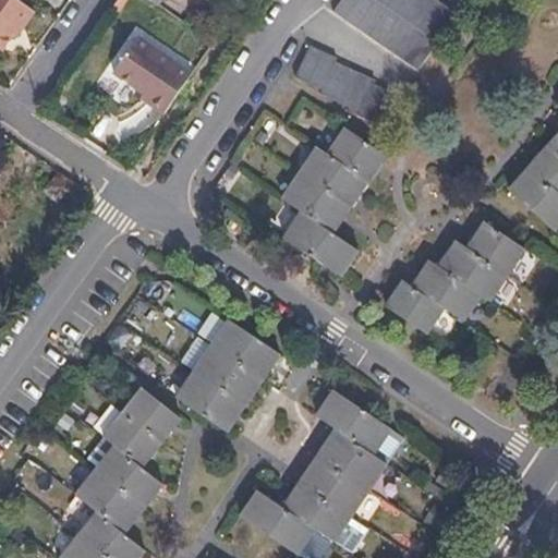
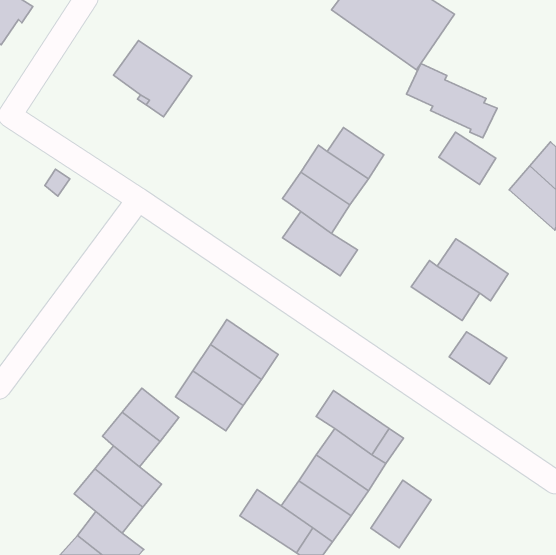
building: [294,46,385,120] -> [407,64,497,138]
building: [468,221,524,274] -> [439,132,496,184]
building: [385,281,442,333] -> [449,332,507,384]
building: none -> [371,480,431,548]

